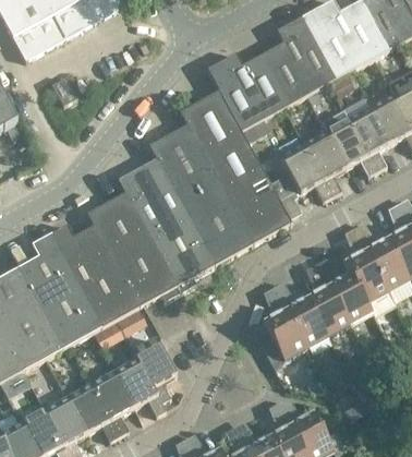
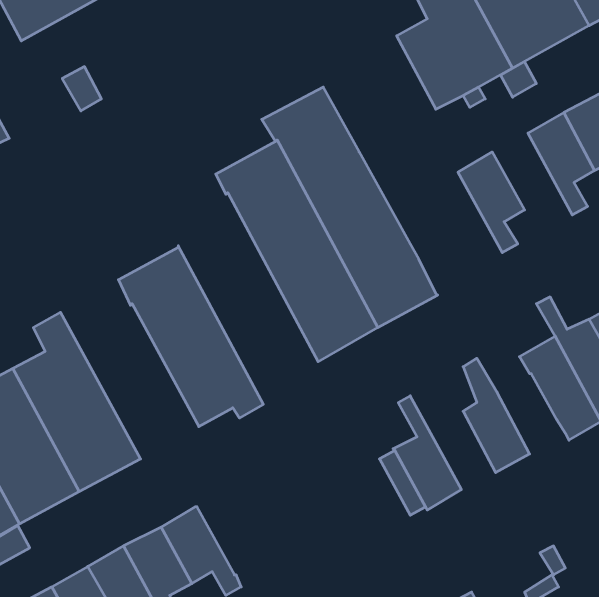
building: [206,52,289,131] -> none
building: [320,110,376,176] -> none
building: [272,144,331,201] -> none
building: [117,157,214,292] -> none
building: [49,224,137,327] -> none
building: [328,273,372,324] -> none
building: [272,281,327,347] -> none
building: [131,337,175,401] -> none

